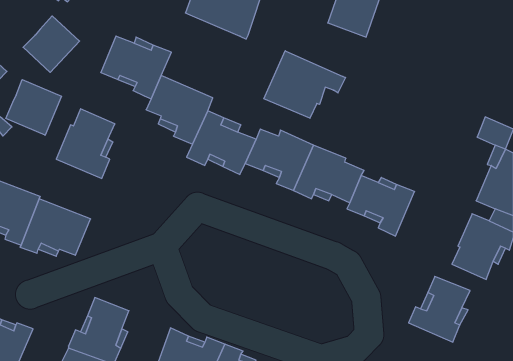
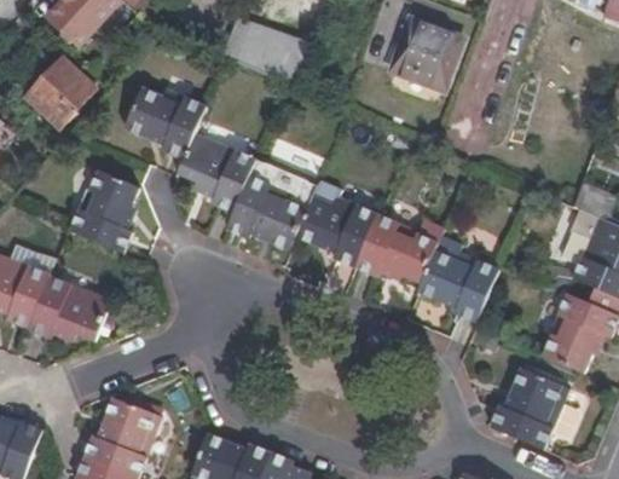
building: [264,51,346,118] -> none
building: [6,80,61,135] -> none

